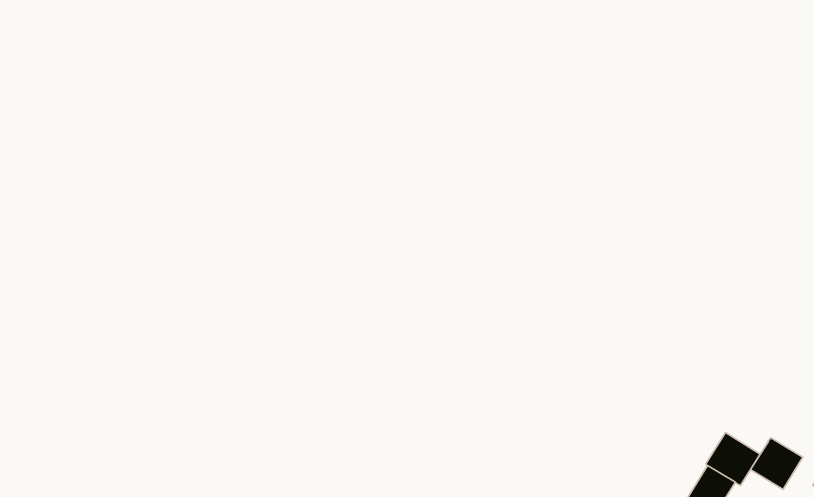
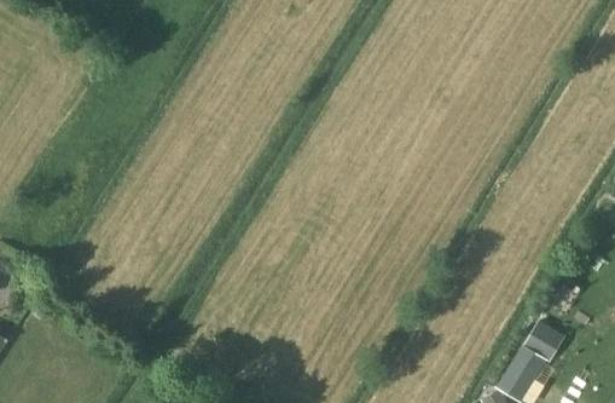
building: [751,438,803,489] -> none

